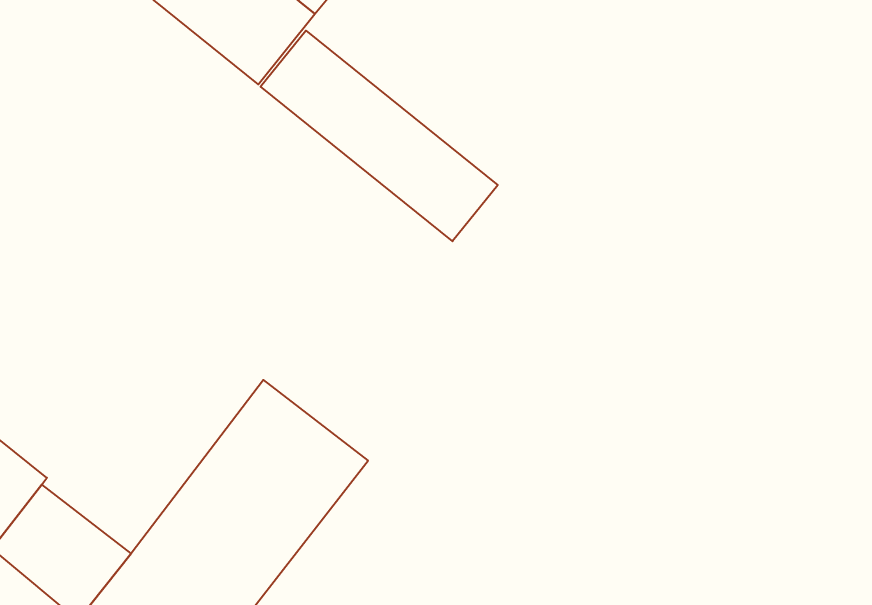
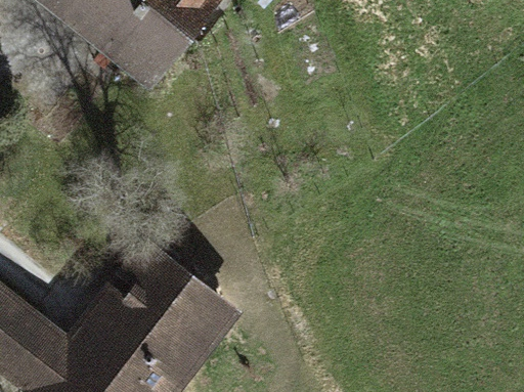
building: [261,31,498,241] -> none

